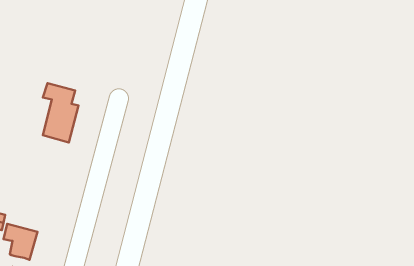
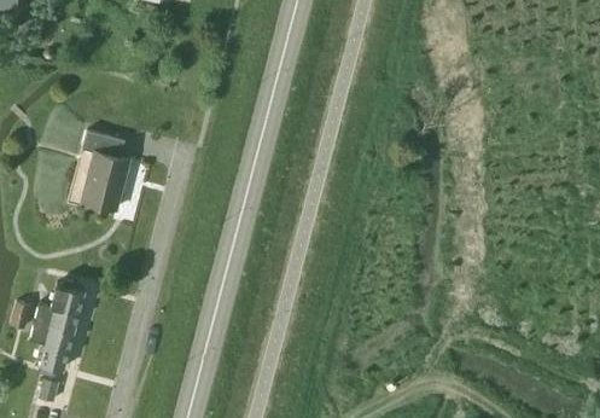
building: none -> [34,285,85,332]

